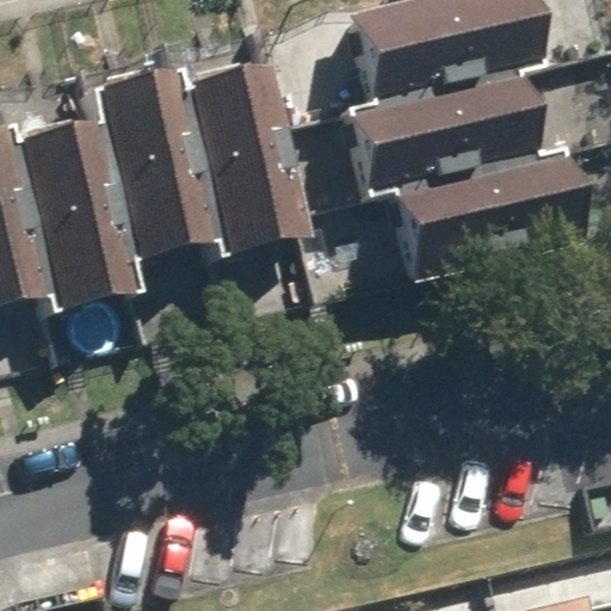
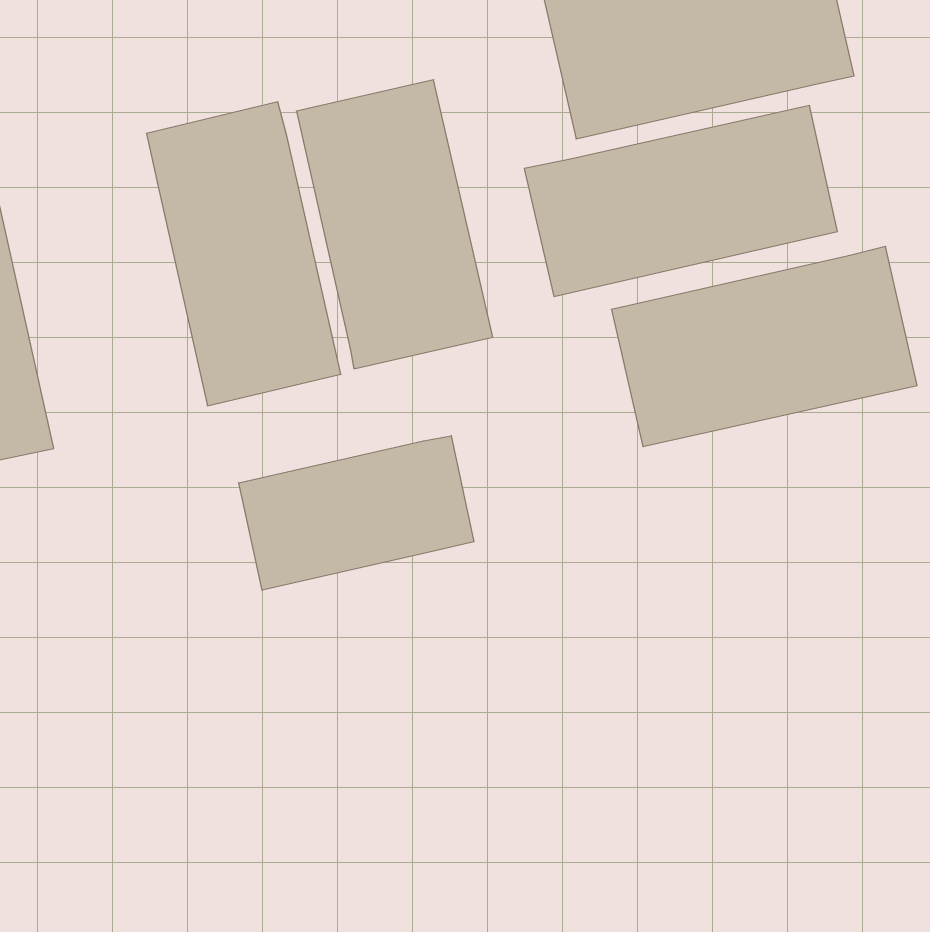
building: [5,115,131,309] -> none
building: none -> [239,436,474,590]

